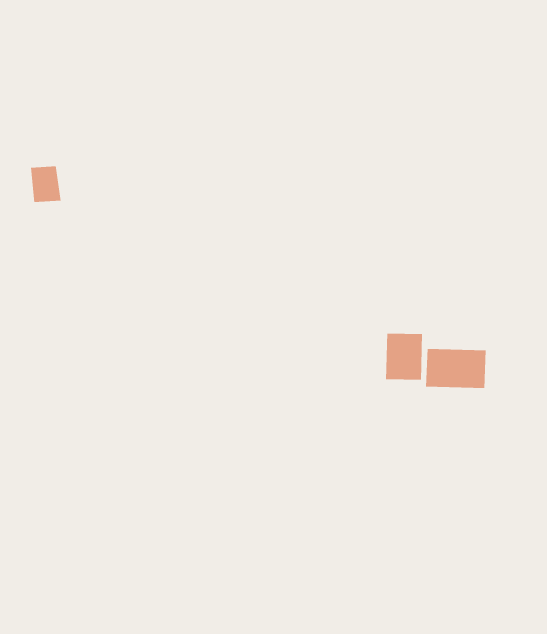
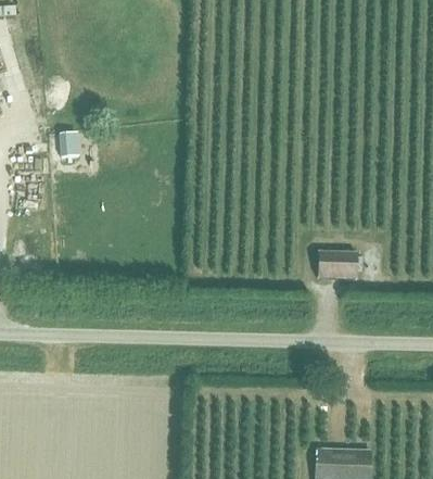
building: [386,333,423,380] -> none

